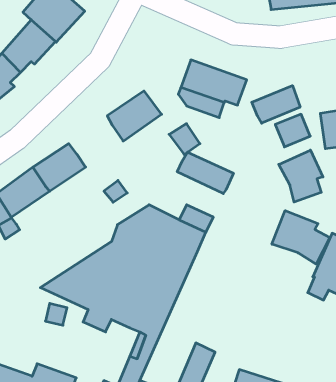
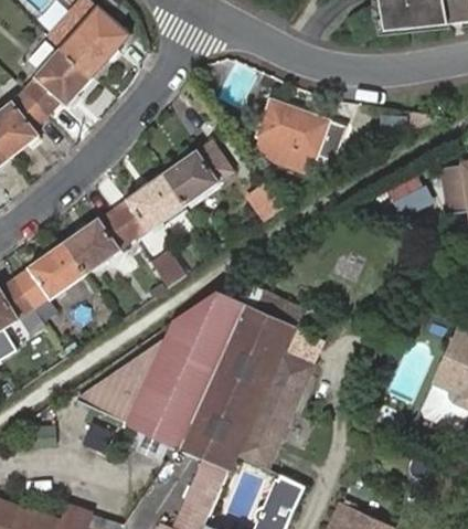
building: [252,86,300,123] -> none
building: none -> [110,173,182,241]
building: [279,150,323,202] -> none
building: [177,152,233,194] -> none
building: [272,211,330,264] -> none
building: none -> [244,359,307,447]

